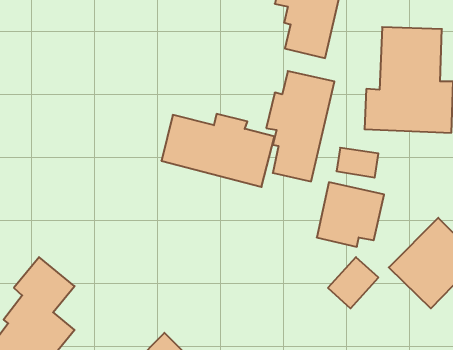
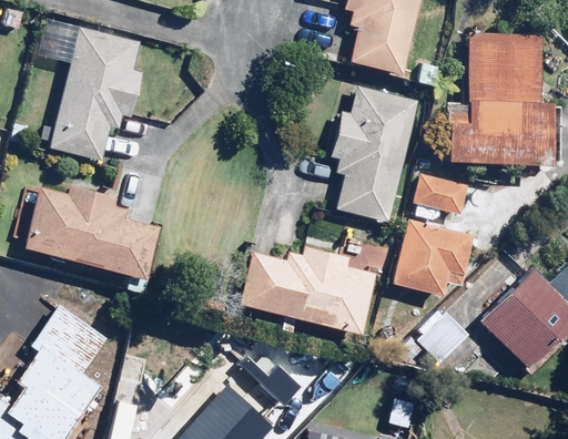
building: none -> [52,29,143,157]
building: [161,114,275,187] -> [242,247,376,334]
building: none -> [26,187,160,276]

